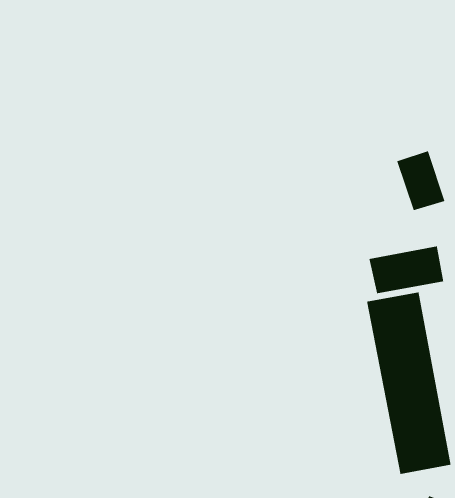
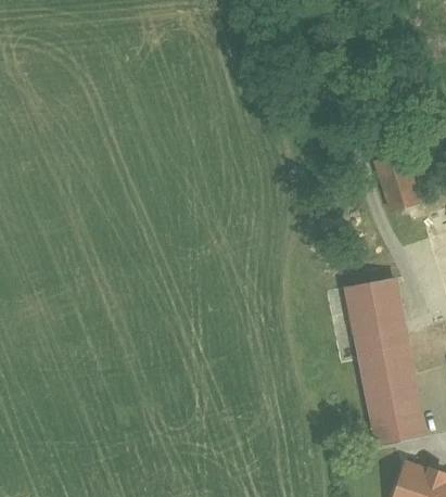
building: [369,246,444,294] -> none

